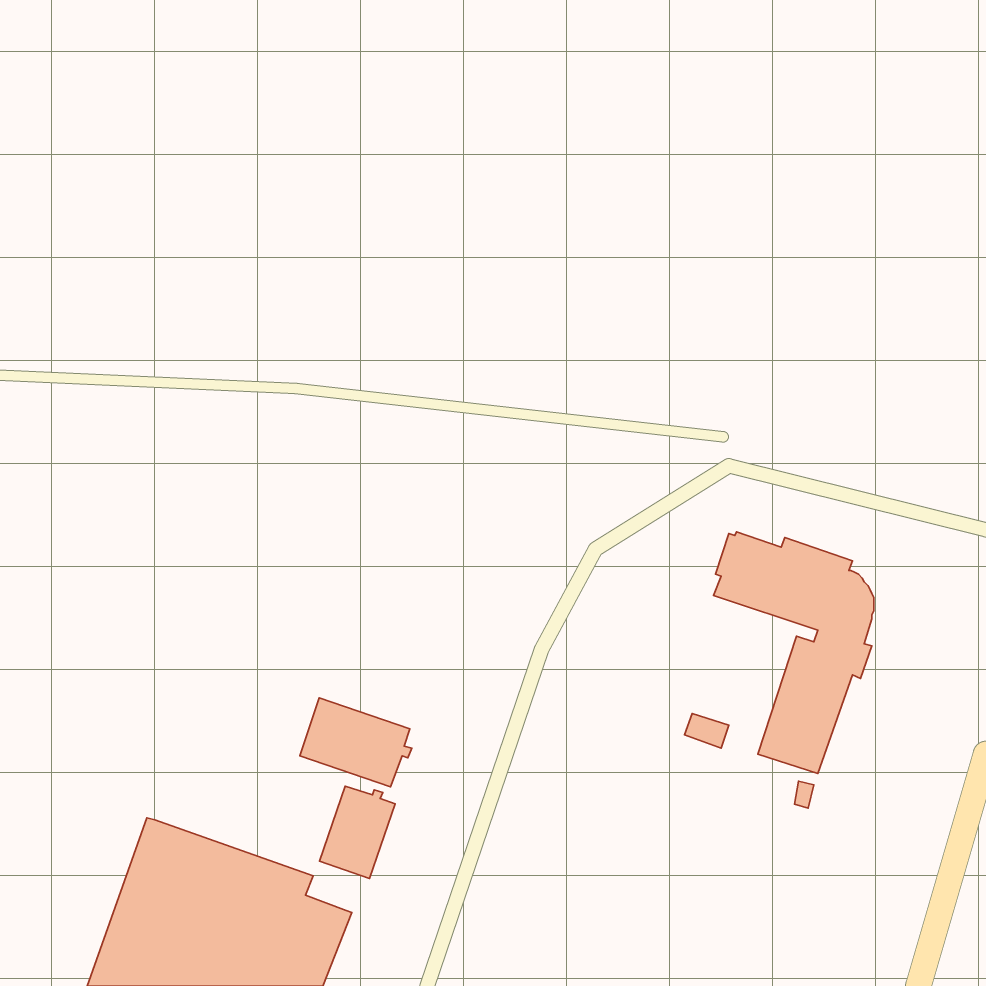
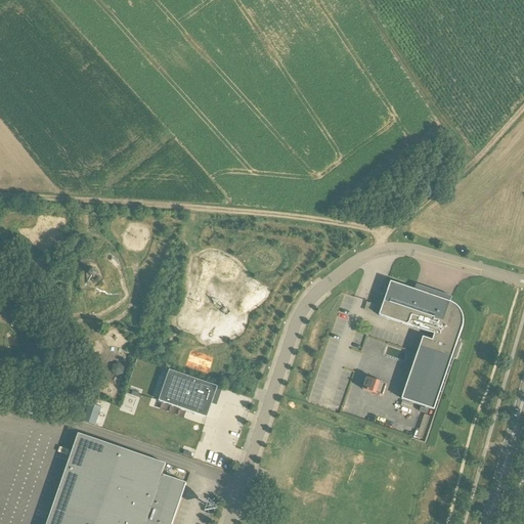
building: [320,786,395,879] -> none

